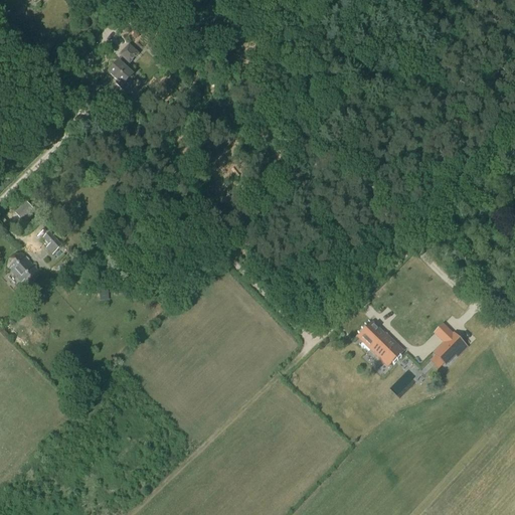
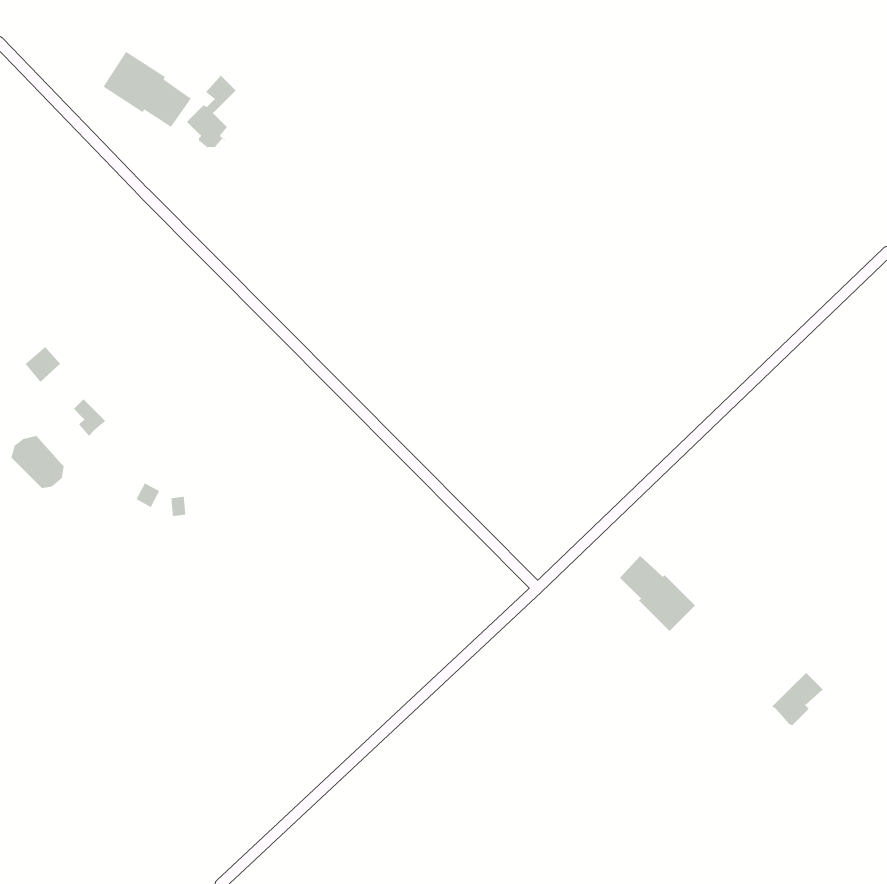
building: none -> [103,51,192,128]
building: [433,332,463,363] -> [771,672,823,726]

